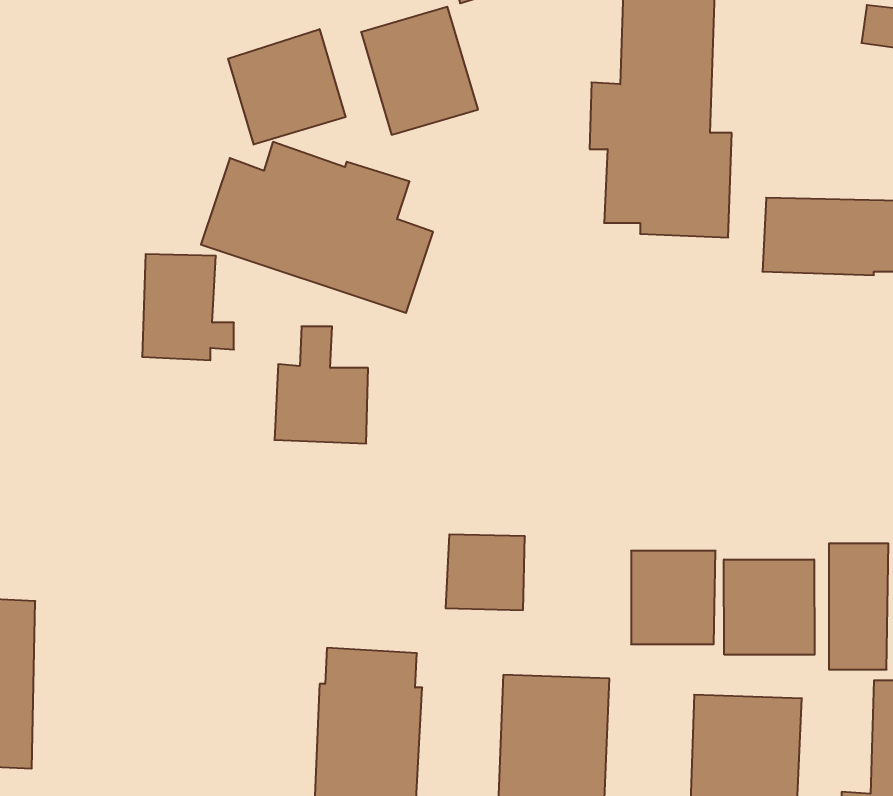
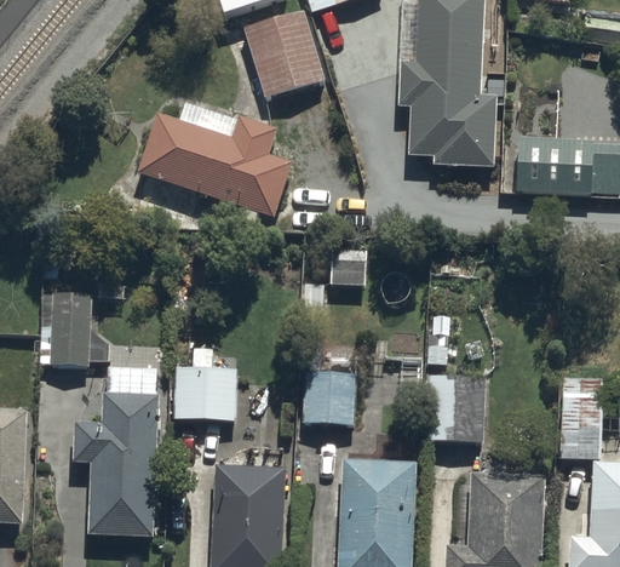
building: [228,29,346,145] -> none
building: [142,254,234,360] -> [42,292,104,363]
building: [274,326,368,443] -> [174,340,237,419]
building: none -> [75,367,160,537]
building: [724,559,815,655] -> none

